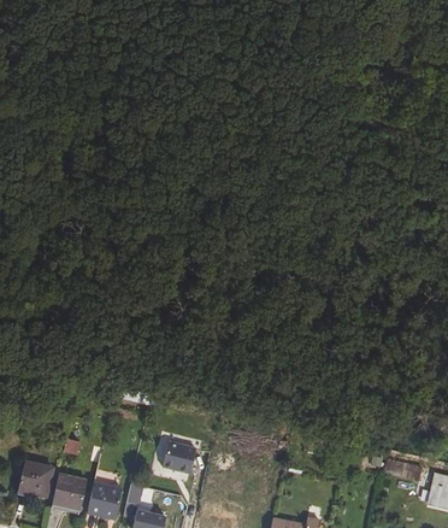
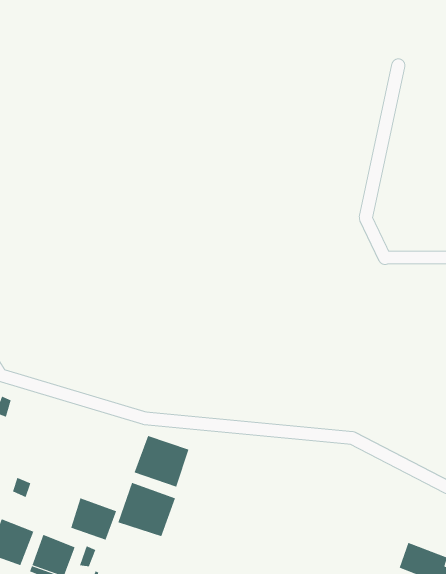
building: none -> [134,435,189,488]
building: none -> [71,498,117,541]

